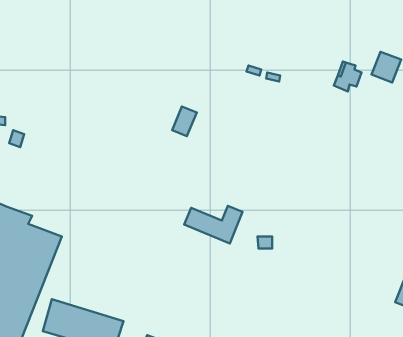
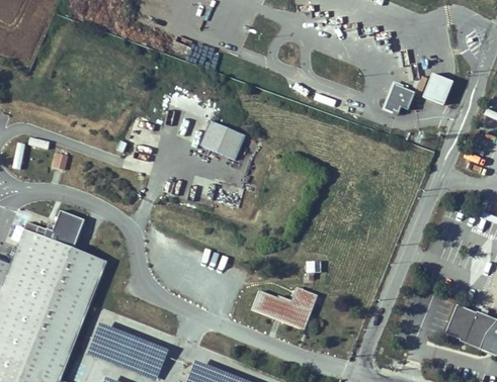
building: none -> [199,121,229,154]
building: none -> [51,209,84,241]
building: [184,206,243,244] -> [258,283,318,321]

